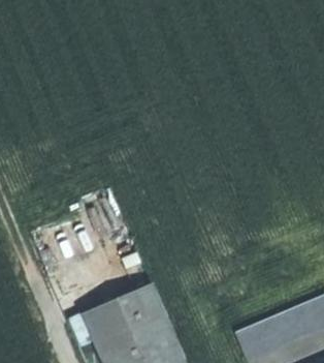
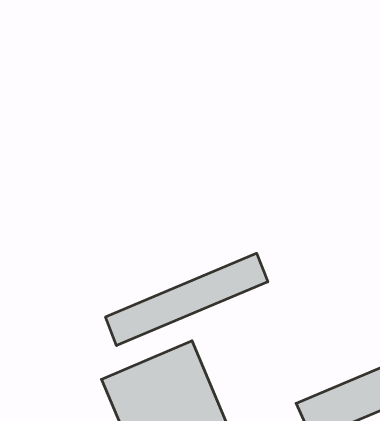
building: none -> [106,253,268,346]

